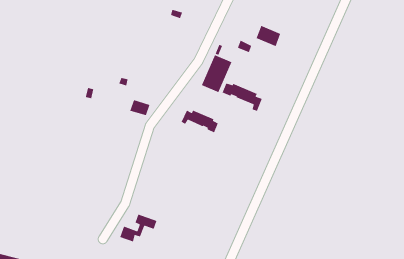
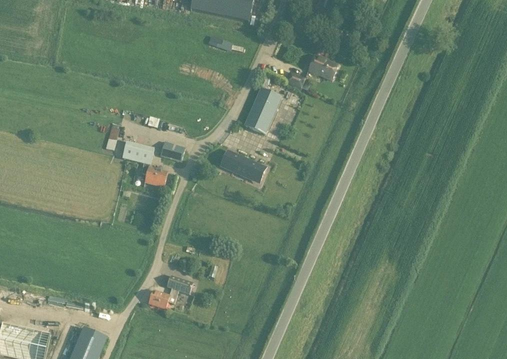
building: [221,82,263,112] -> none
building: none -> [122,141,167,187]

